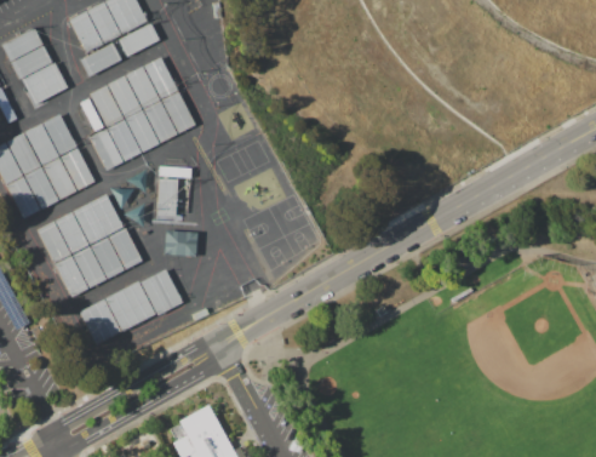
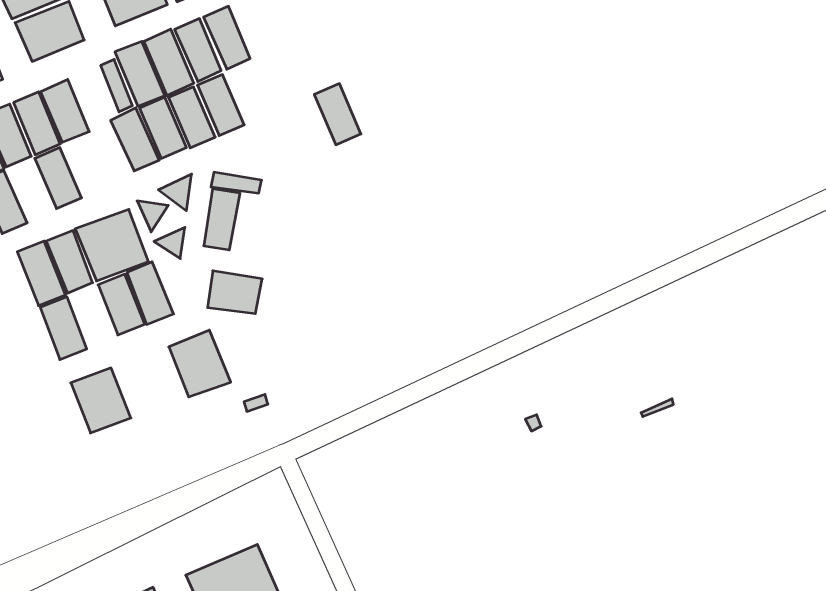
building: [162,92,195,132] -> [314,84,361,145]
building: [62,149,94,189] -> none
building: [25,168,58,207] -> none
building: [73,247,105,287] -> none
building: [105,281,154,330] -> none

